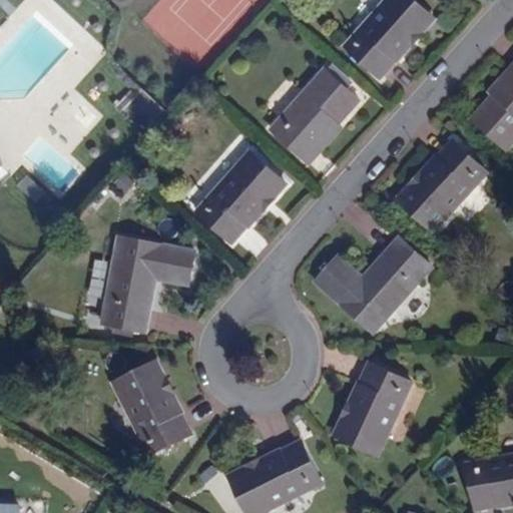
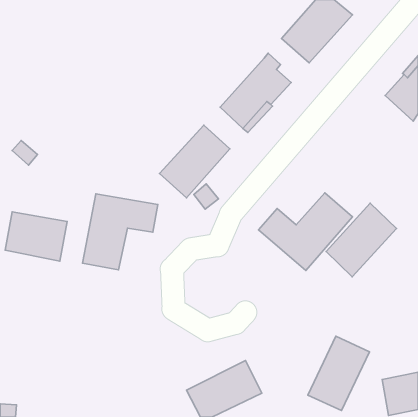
building: [401,141,487,231] -> [326,203,396,277]
building: none -> [5,212,67,261]
building: [113,362,188,454] -> none
building: [336,363,411,454] -> [308,336,369,411]

